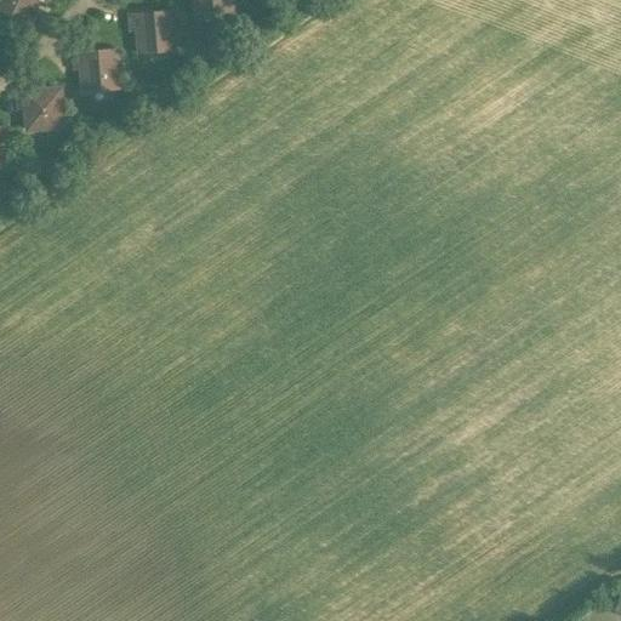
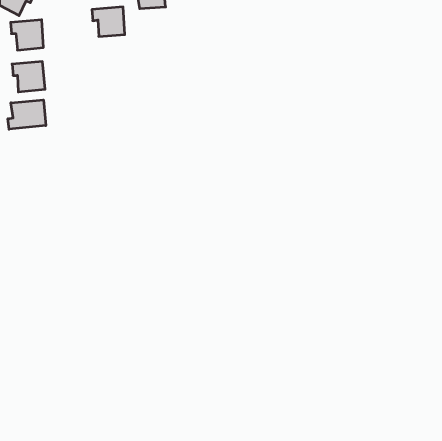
building: [73,47,119,90] -> [11,20,43,50]
building: none -> [8,100,46,129]

